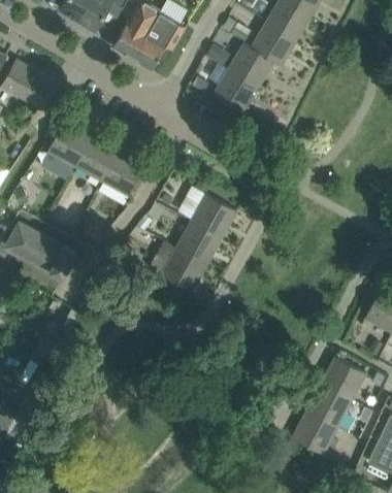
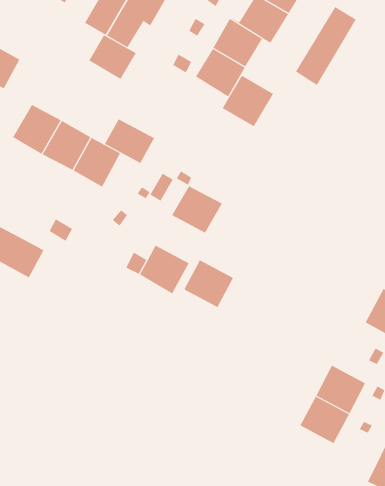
building: none -> [295,6,357,86]
building: none -> [89,35,137,80]
building: none -> [222,75,274,127]
building: none -> [104,118,155,164]
building: [175,221,221,264] -> [184,260,234,308]
building: [291,410,336,455] -> none

